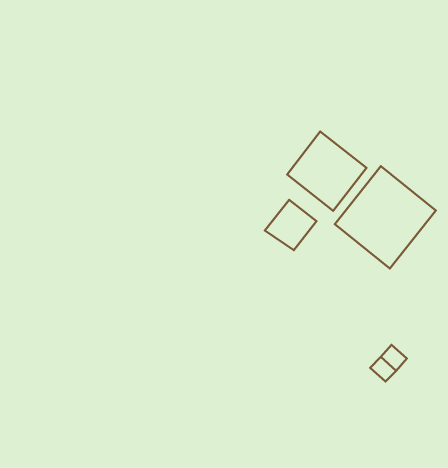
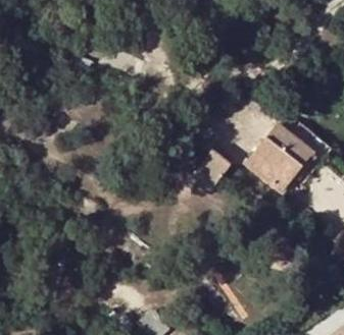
building: [287,132,366,211] -> none

